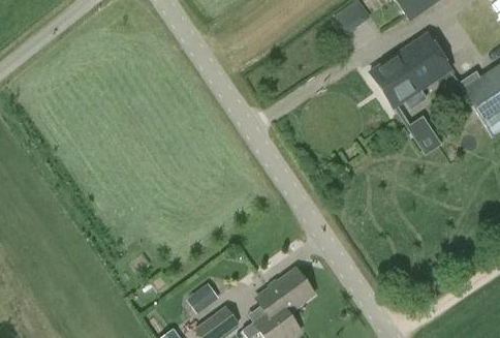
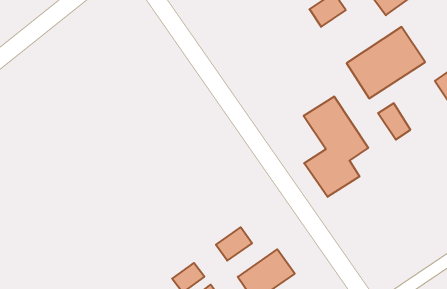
building: none -> [304,96,368,197]
building: none -> [216,227,252,261]

